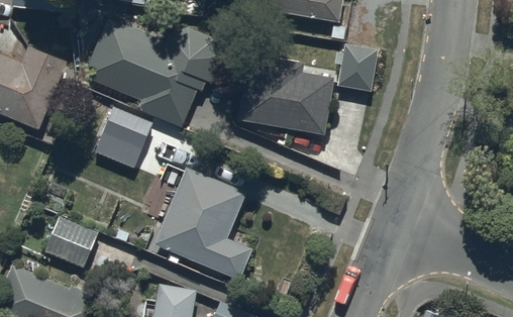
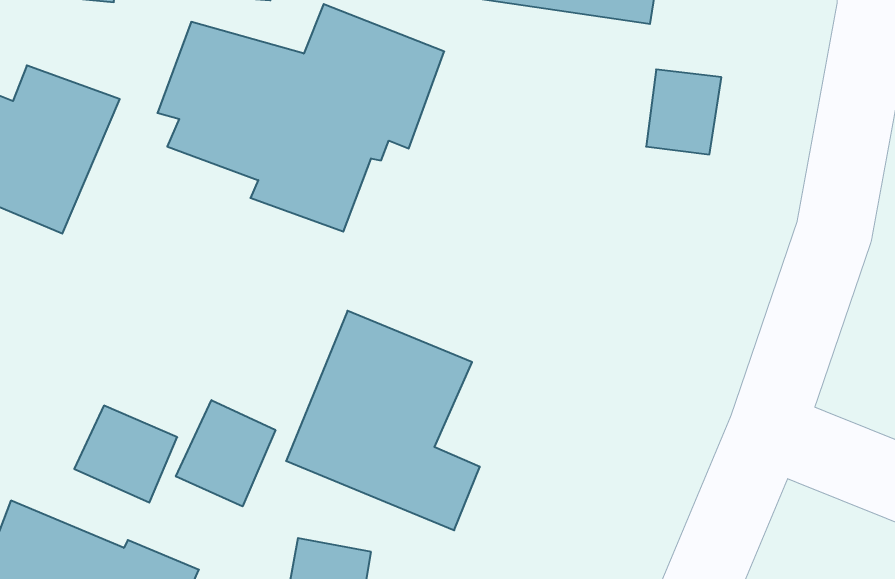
building: [236,49,333,133] -> none
building: [96,109,150,168] -> none
building: none -> [176,400,275,506]

